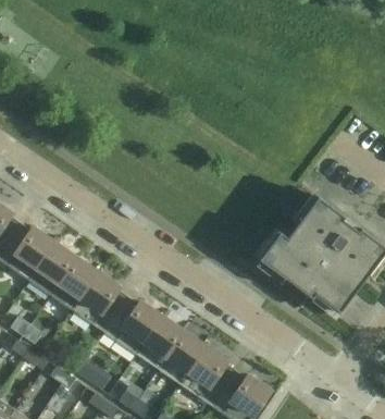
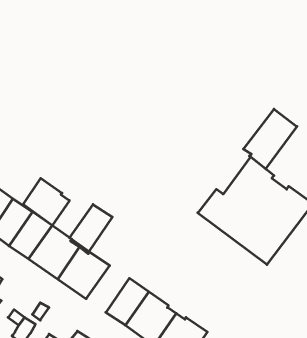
building: none -> [243,109,297,169]
building: none -> [23,178,69,226]
building: [136,317,184,369] -> [69,204,112,251]

